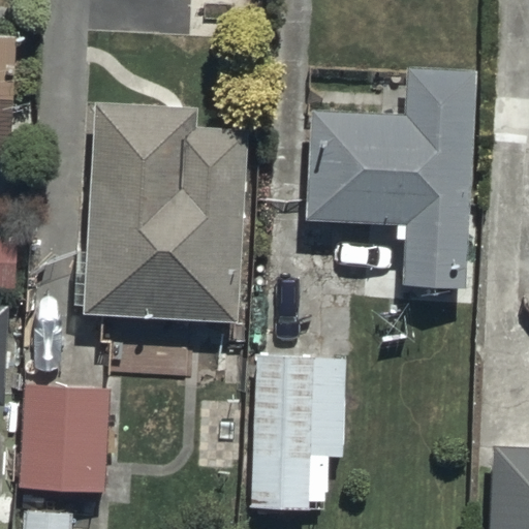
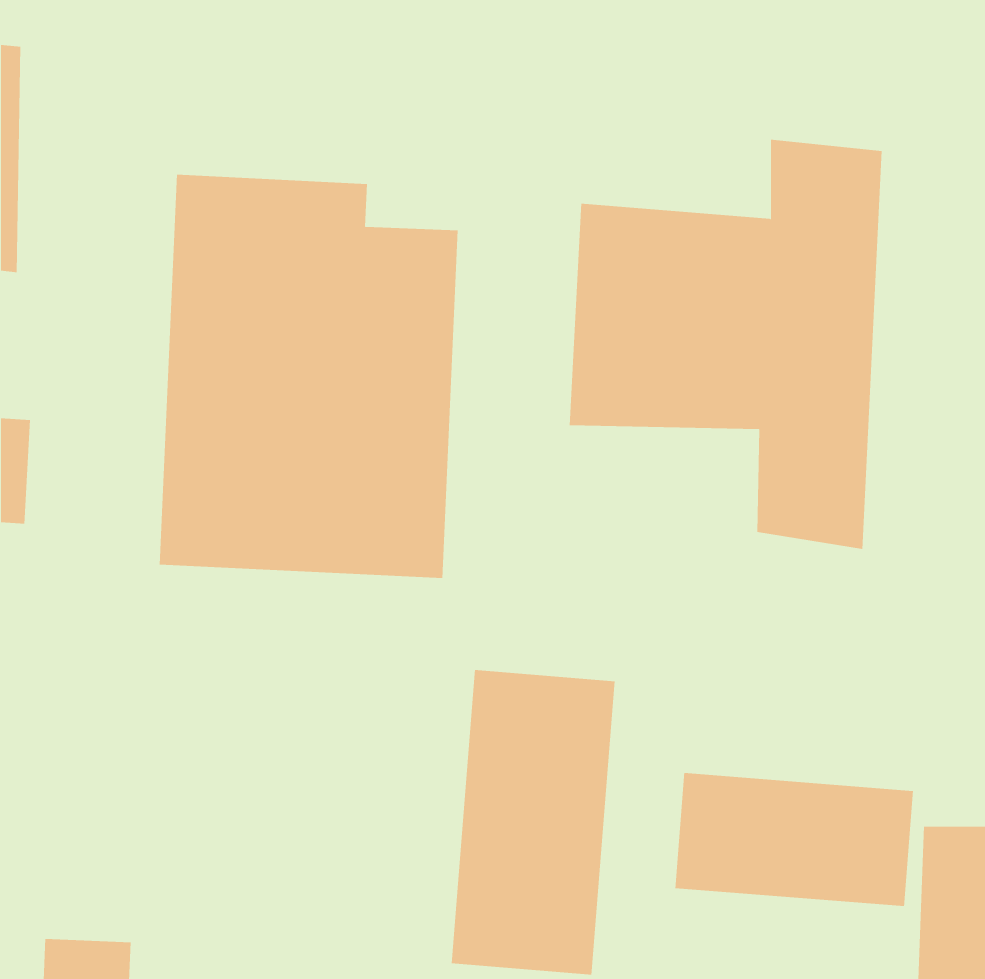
building: [19,380,111,492] -> none
building: none -> [675,772,913,907]

